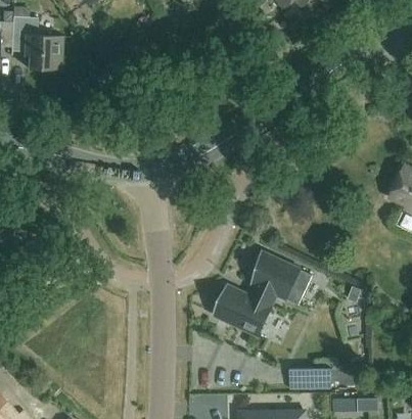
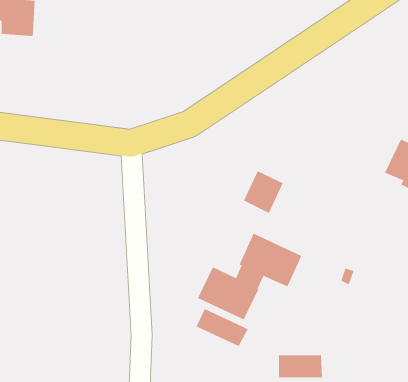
building: none -> [243,171,284,214]
building: none -> [196,308,249,347]

